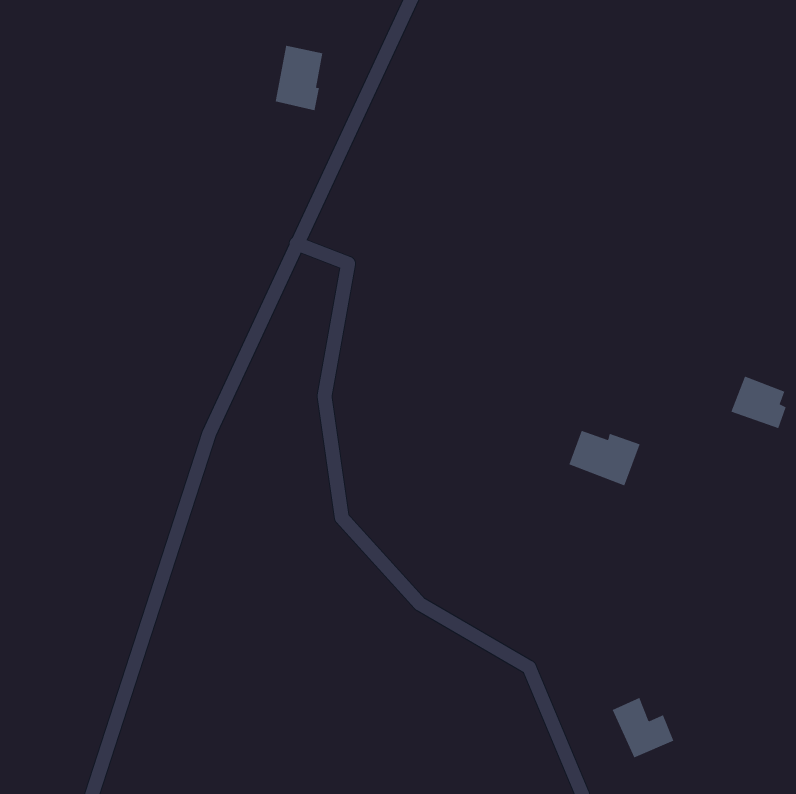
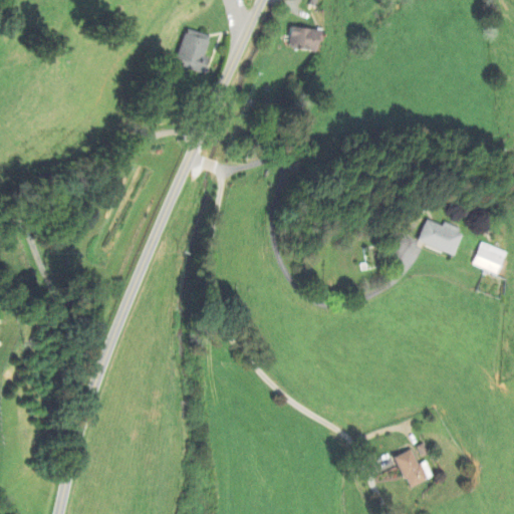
building: none -> [288,27,322,50]
building: [569,430,640,486] -> [417,220,463,256]

